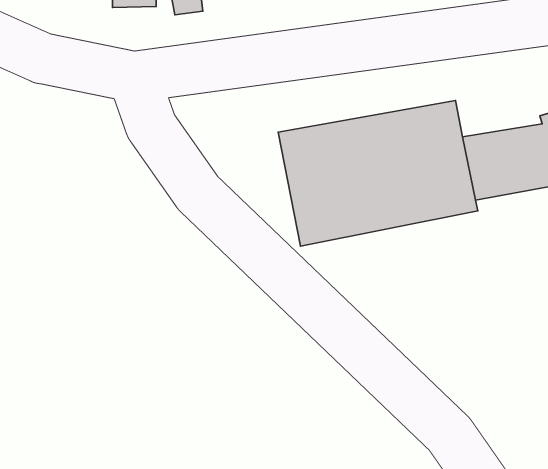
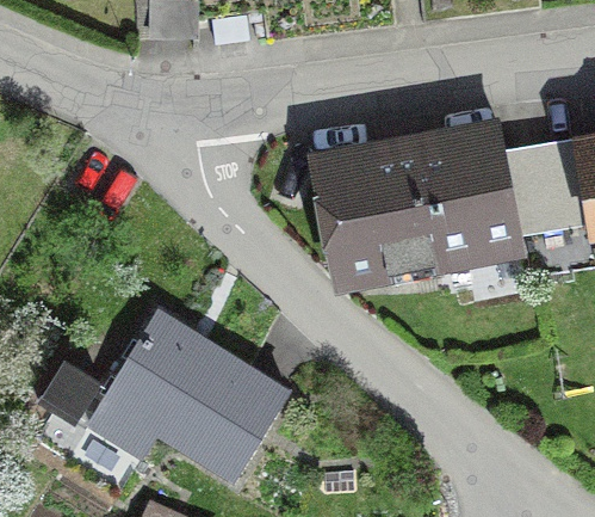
building: none -> [89,314,286,484]

